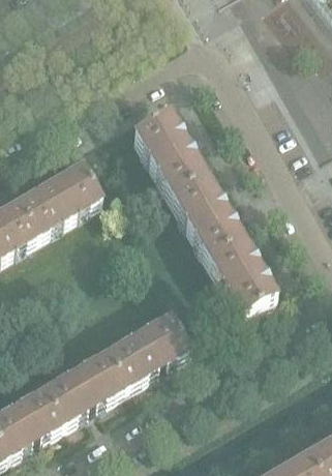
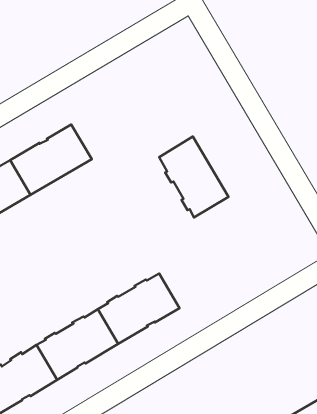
building: [133,113,204,196] -> none
building: [205,236,276,318] -> none

